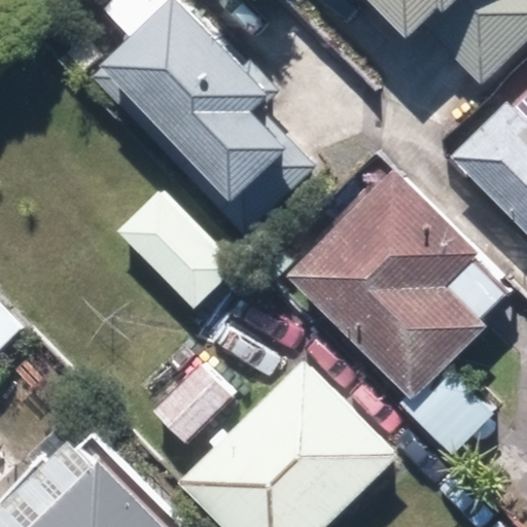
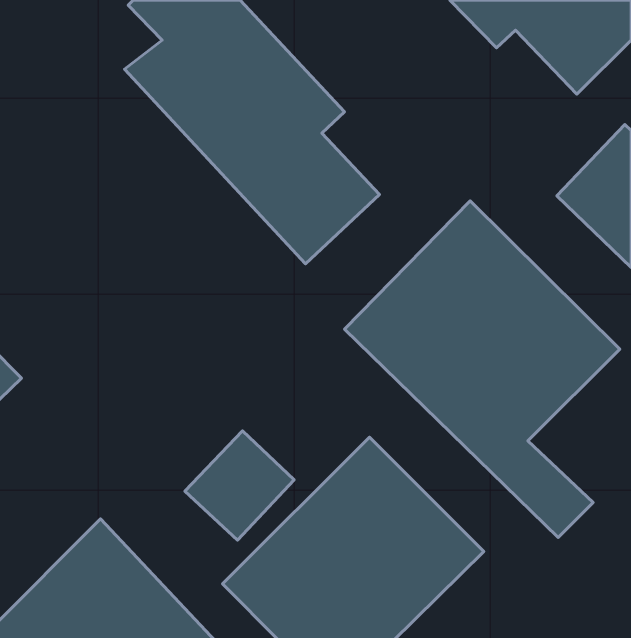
building: [114,188,235,311] -> none

